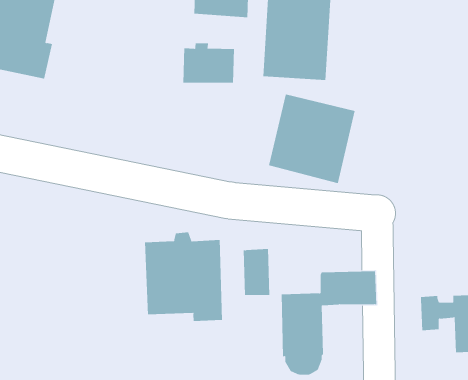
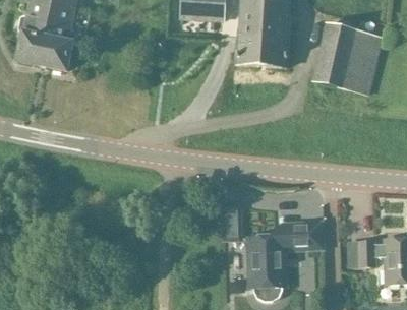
building: [183,42,235,83] -> none
building: [268,94,355,184] -> [310,23,379,94]
building: [144,231,222,322] -> none

